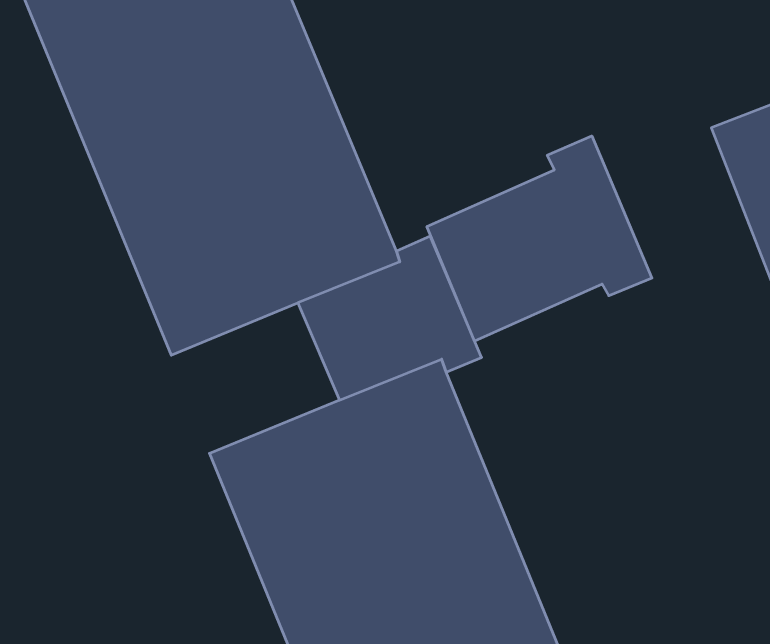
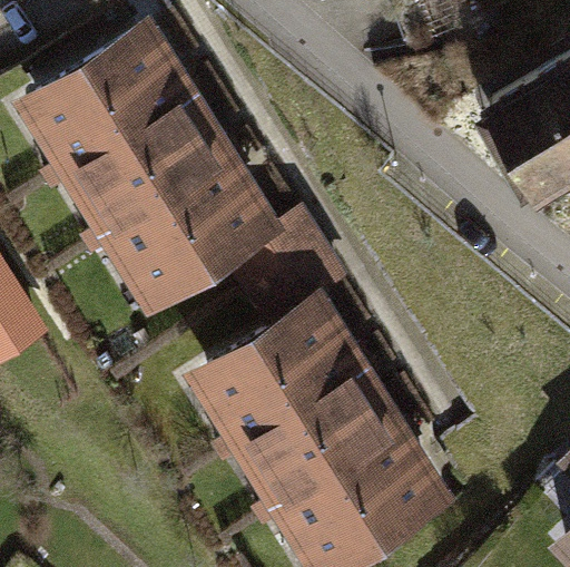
building: [427,136,652,341] -> none

